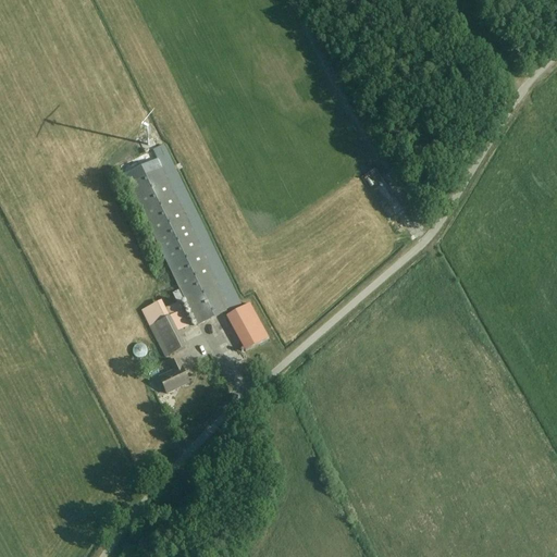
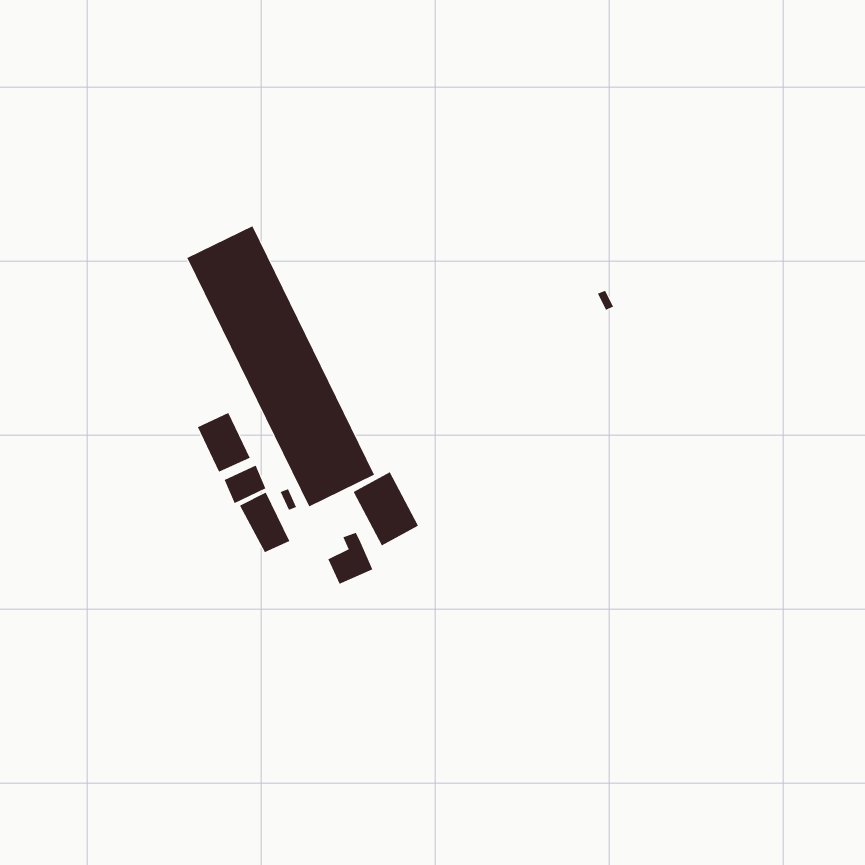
building: none -> [197,412,250,473]
building: [161,359,190,393] -> [327,532,373,585]

